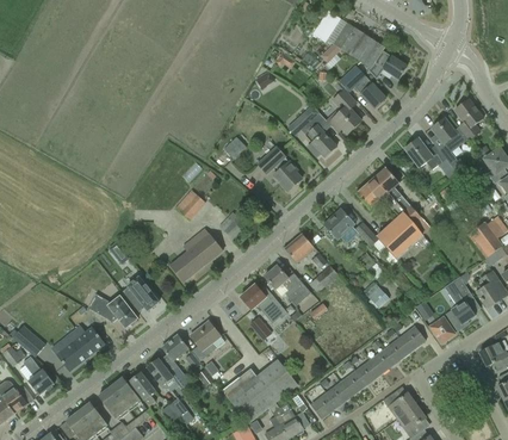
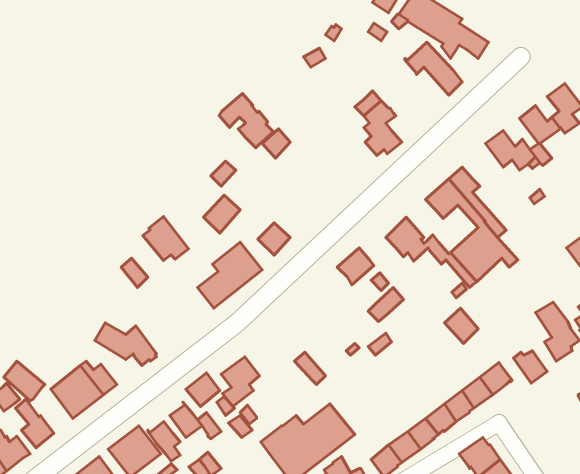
building: [327,89,361,134] -> none
building: [258,147,302,191] -> [219,94,273,148]
building: [265,265,310,305] -> none
building: [122,275,159,311] -> [143,217,188,261]
building: [241,284,286,320] -> none

